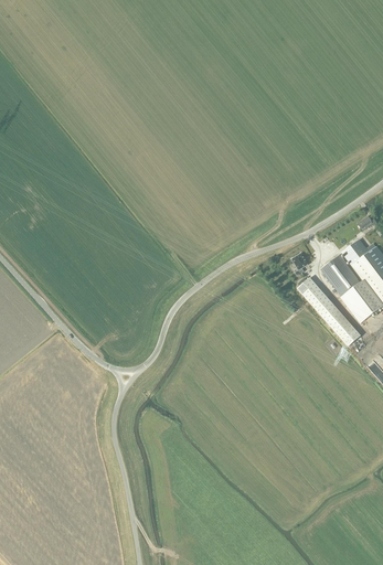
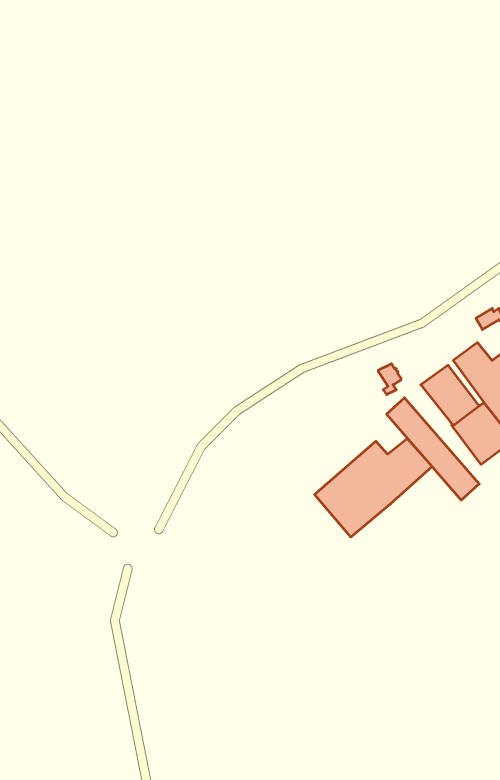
building: none -> [315,439,432,537]

